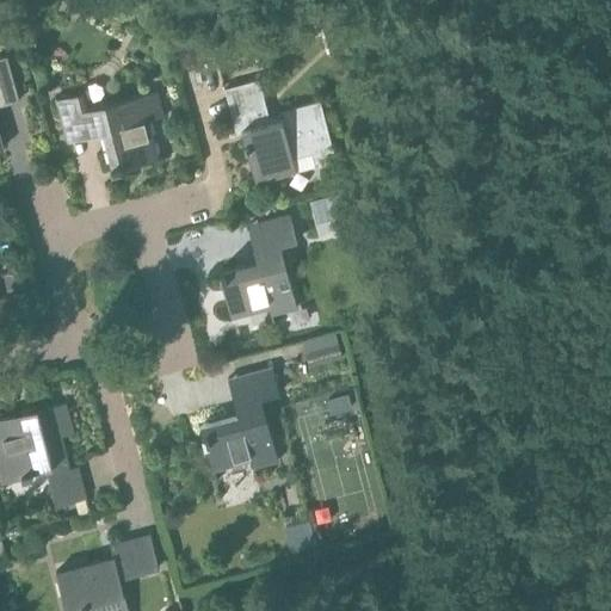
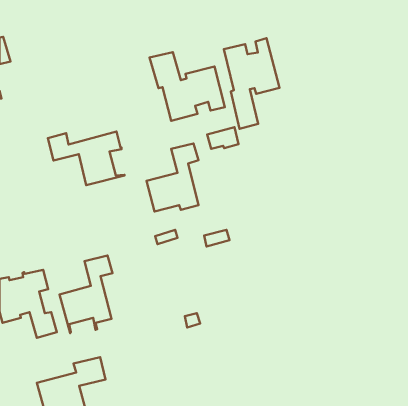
building: none -> [224,38,279,129]
building: [55,93,169,173] -> [48,132,125,185]
building: [199,370,278,486] -> [60,255,112,333]

